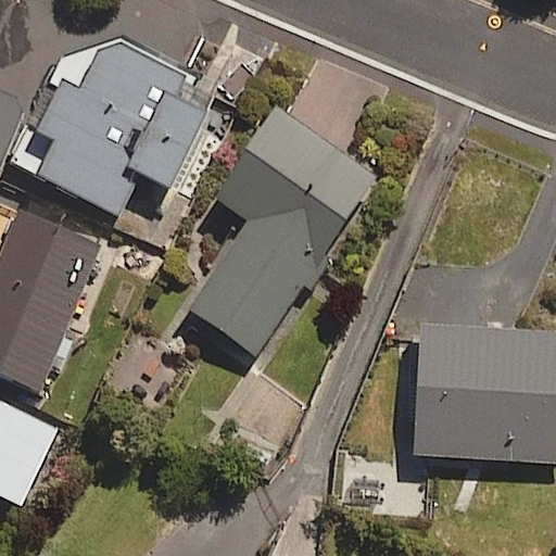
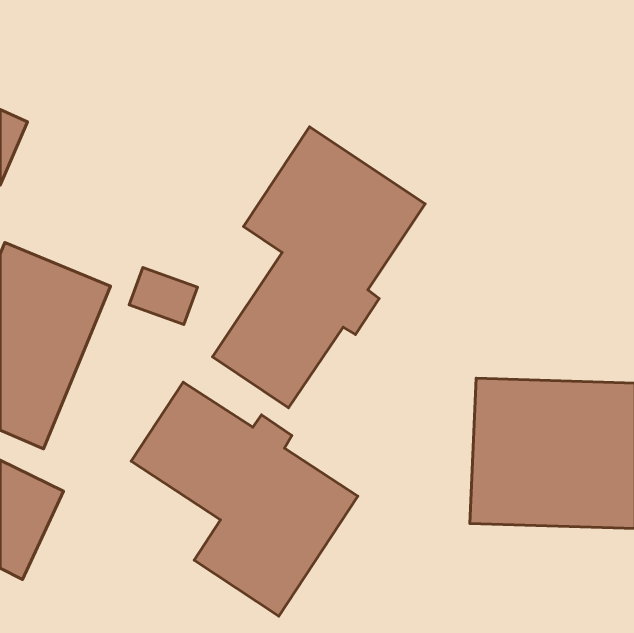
building: [18,37,204,214] -> none
building: none -> [131,382,358,616]

